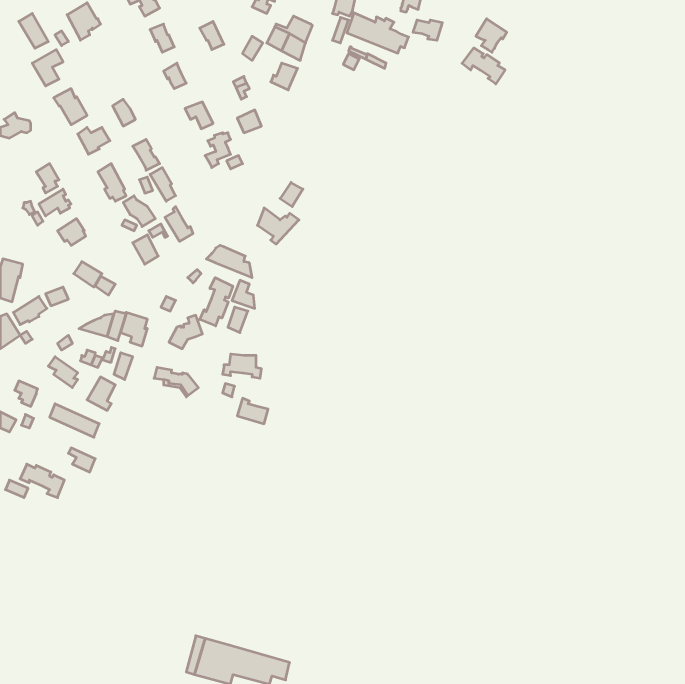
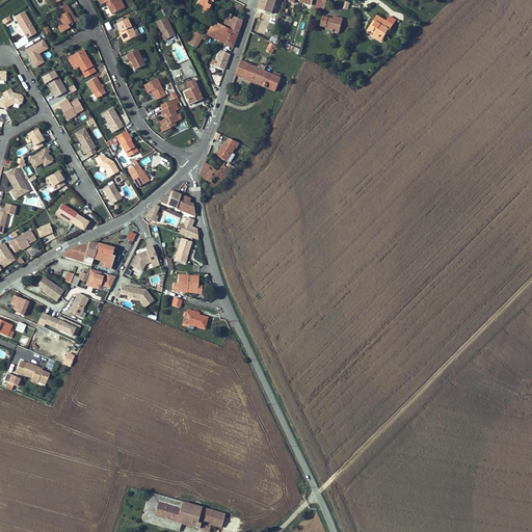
building: [347,13,409,53] -> [236,59,284,90]
building: [462,48,505,84] -> none
building: none -> [68,48,97,76]
building: none -> [6,166,30,198]
building: [200,278,233,326] -> none

